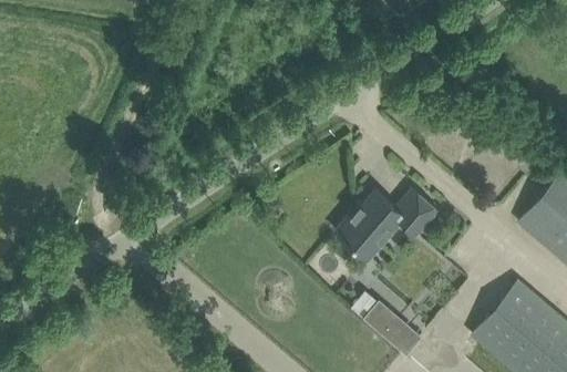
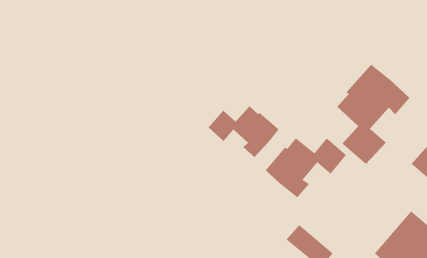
building: none -> [337,64,410,165]
building: none -> [208,106,279,158]

